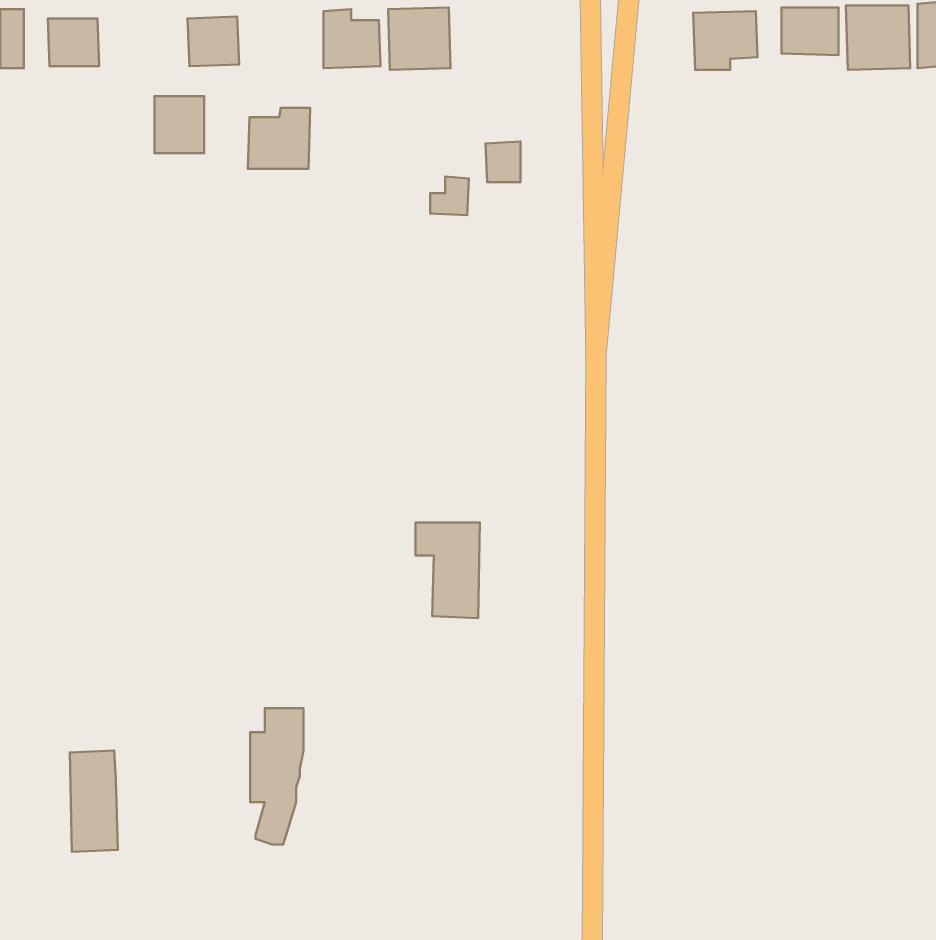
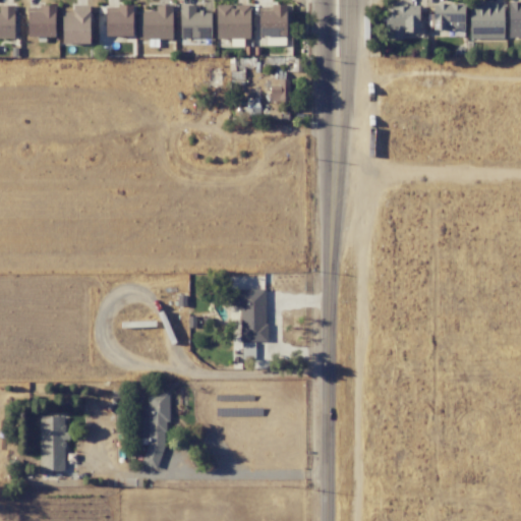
building: none -> [259,4,288,37]
building: [155,96,204,153] -> [63,12,91,44]
building: [248,108,310,169] -> [139,5,174,39]

